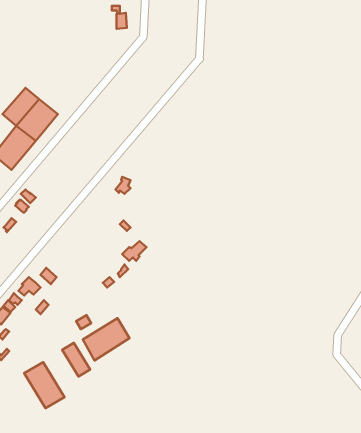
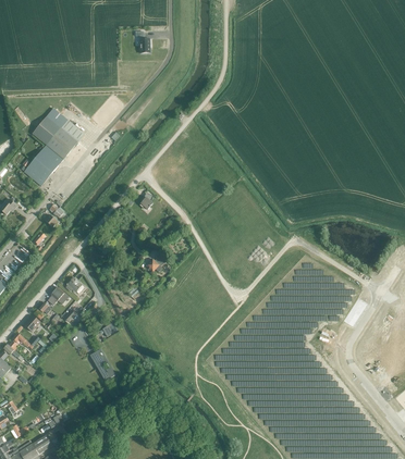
building: [83,318,130,361] -> none
building: [24,362,65,408] -> none

